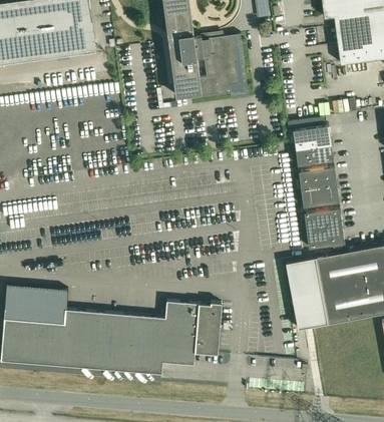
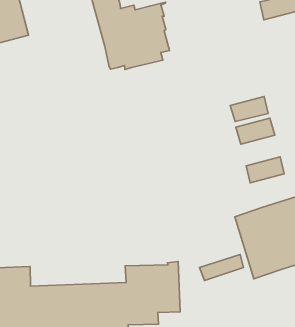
building: [293,125,331,148] -> none
building: [301,184,339,207] -> none
building: [306,226,344,249] -> none
building: none -> [200,255,244,281]

